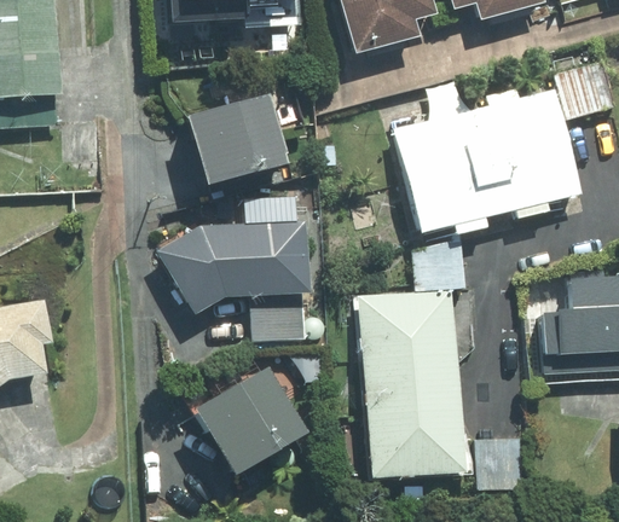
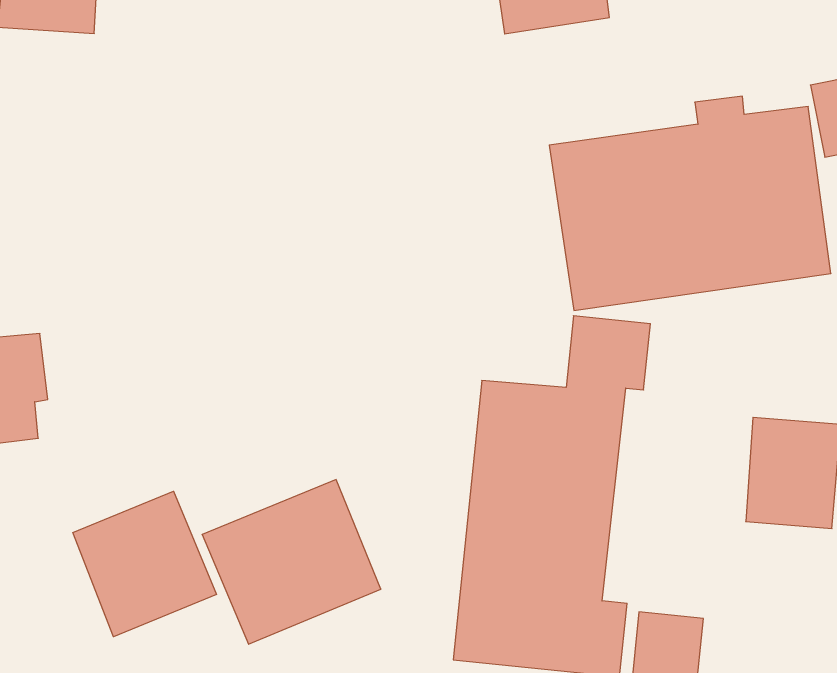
building: [177,92,289,197] -> none
building: [161,216,311,331] -> none
building: none -> [73,491,216,637]

